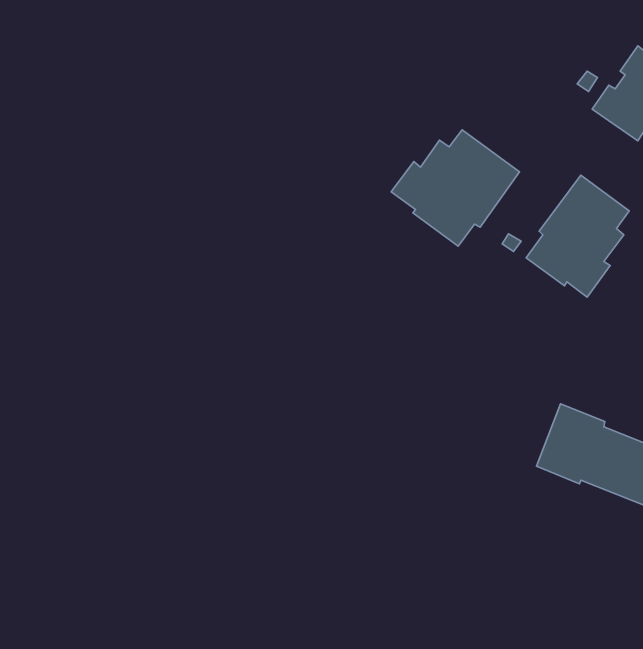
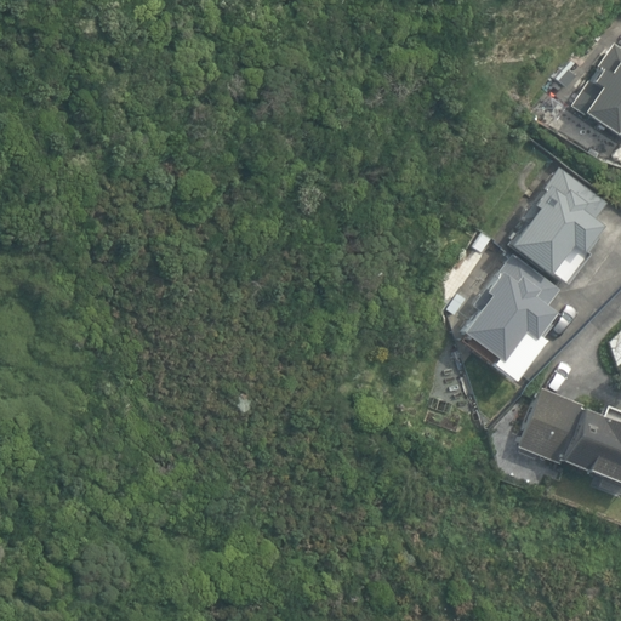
building: [391,130,520,246] -> none
building: none -> [462,251,560,371]

